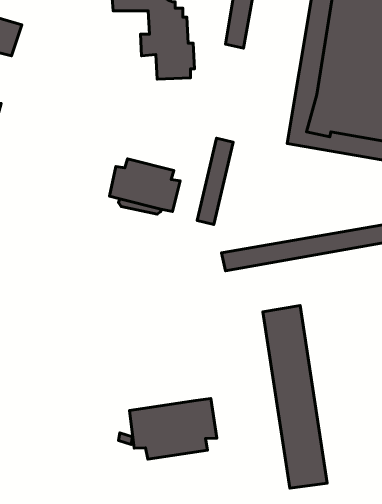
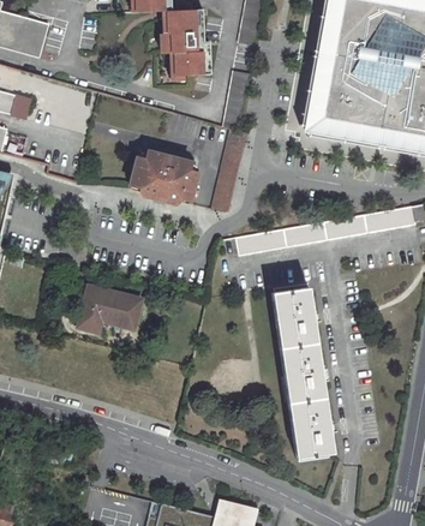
building: none -> [223,70,251,131]
building: none -> [76,286,140,330]
building: [129,398,217,459] -> none

